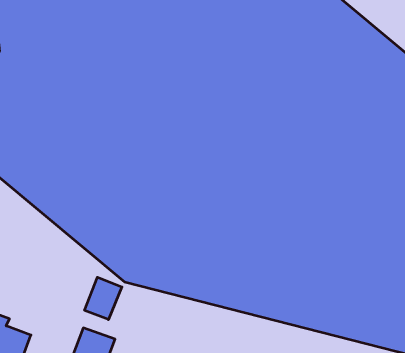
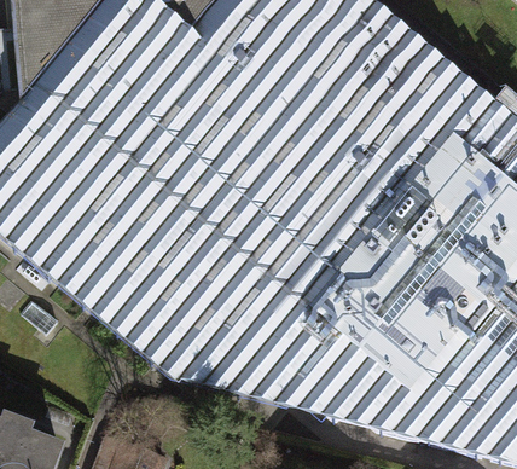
building: [85,277,122,320] -> none

